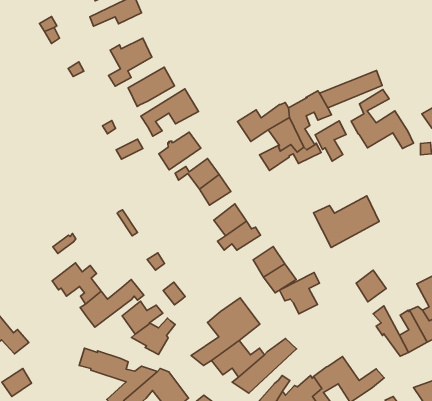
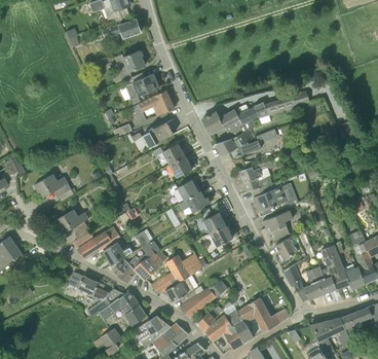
building: [351,89,414,148] -> none
building: none -> [240,160,272,191]
building: none -> [34,174,68,196]
building: [279,272,320,314] -> [263,210,293,239]
building: none -> [135,247,167,280]

